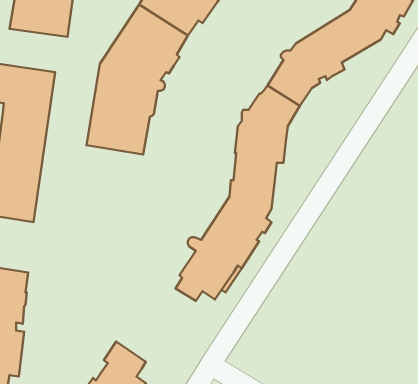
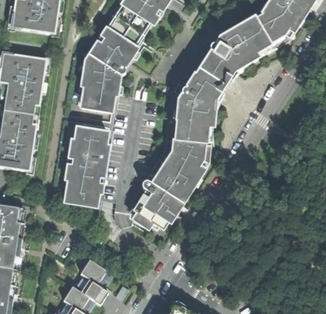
building: none -> [54,118,109,206]

